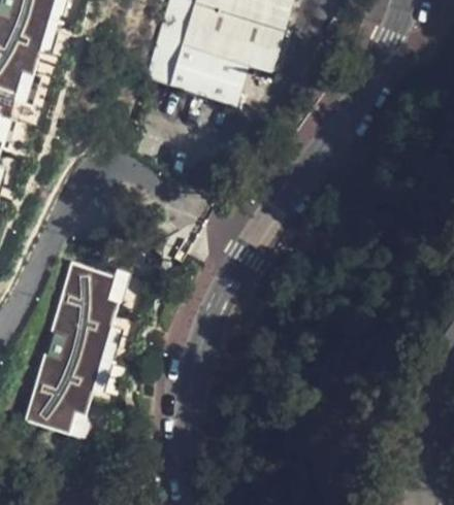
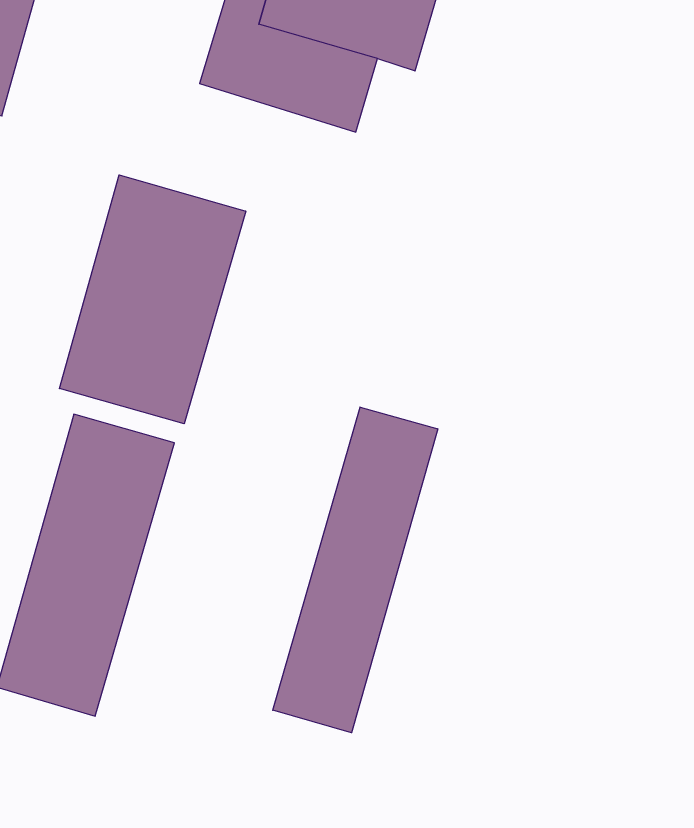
building: none -> [59,175,246,424]
building: none -> [273,407,438,733]

